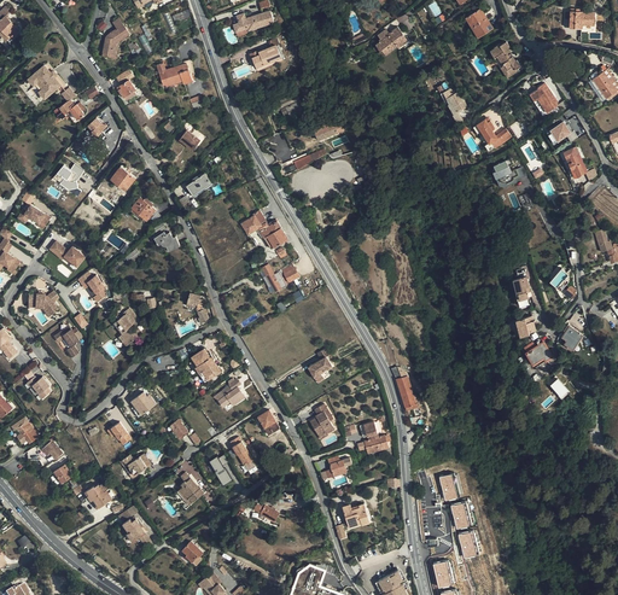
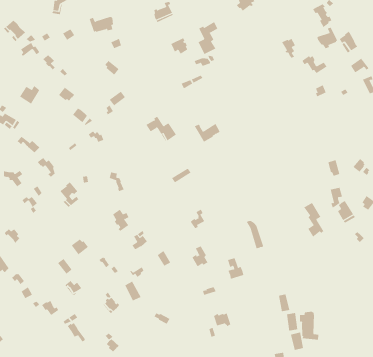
building: none -> [198,21,218,55]
building: none -> [317,27,338,49]
building: [260,263,299,292] -> [194,123,221,142]
building: none -> [304,202,324,238]
building: none -> [299,311,319,340]

